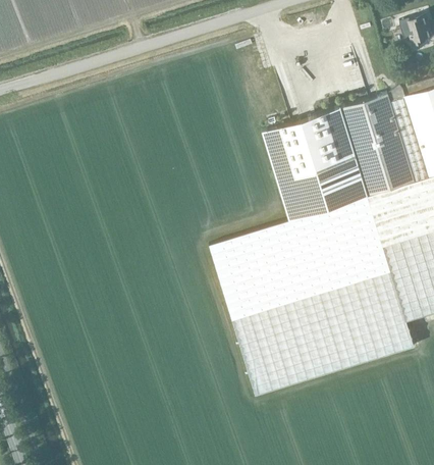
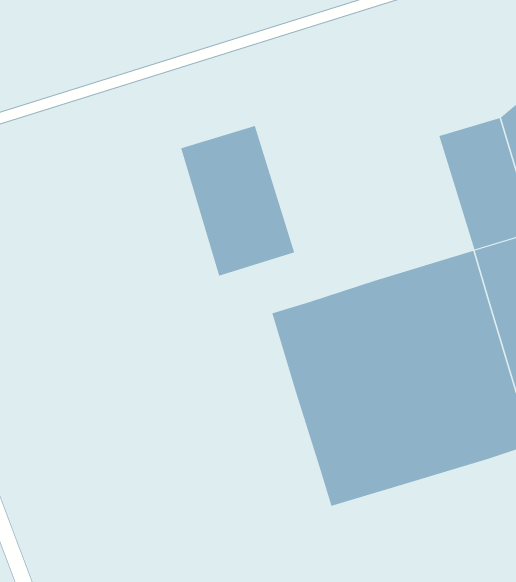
building: none -> [180,125,295,277]
building: [263,108,368,220] -> none

